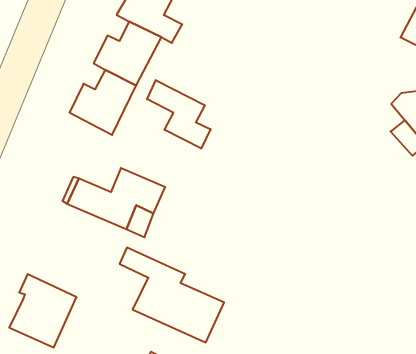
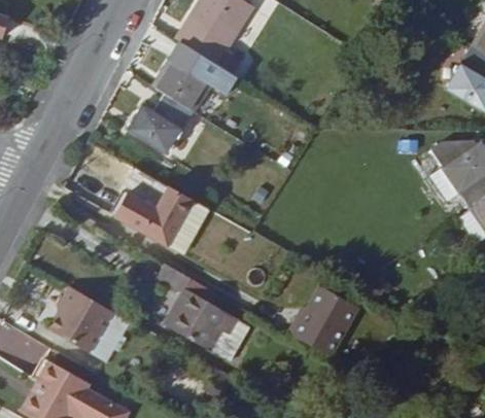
building: [147,80,211,149] -> none
building: none -> [291,280,361,354]

